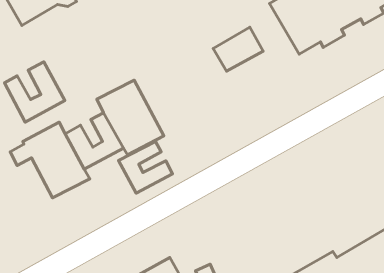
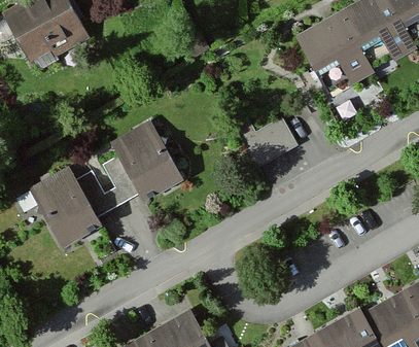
building: [213,27,263,71] -> [242,119,295,167]
building: [5,62,65,122] -> none
building: [119,142,172,193] -> none

